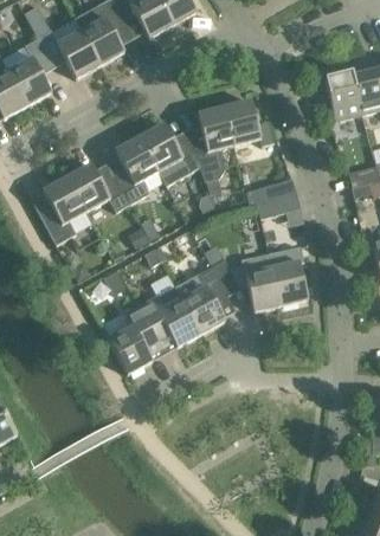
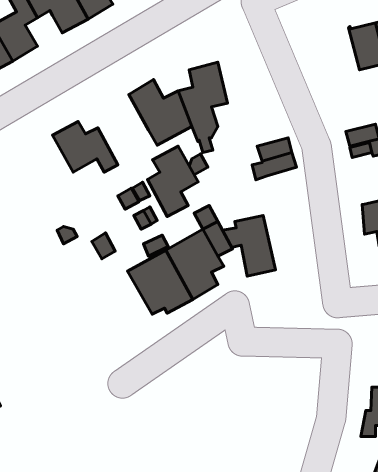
building: [324,73,361,121] -> none
building: [225,99,275,146] -> none
building: [110,137,159,205] -> [147,146,198,217]
building: [37,176,86,245] -> none
building: [269,246,308,305] -> none
building: [109,306,162,374] -> none

